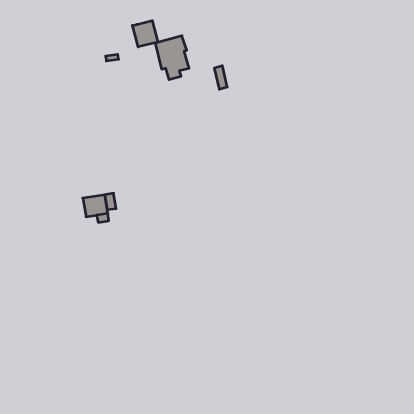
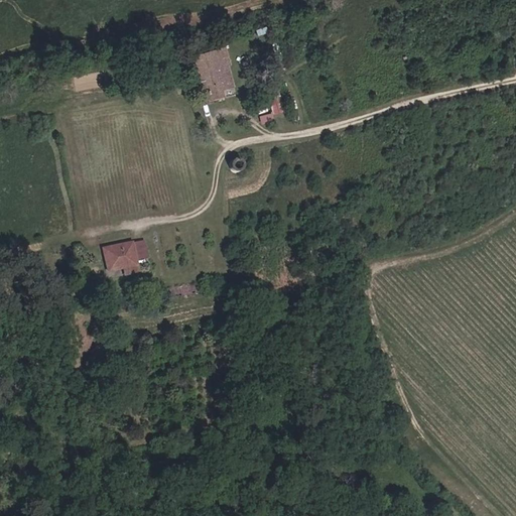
building: [132,21,158,47] -> none

